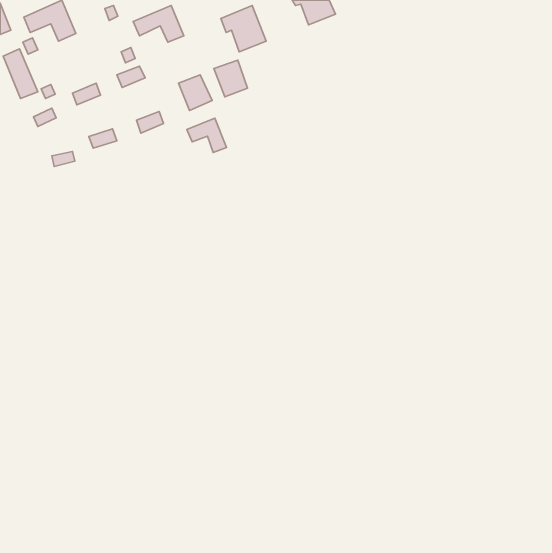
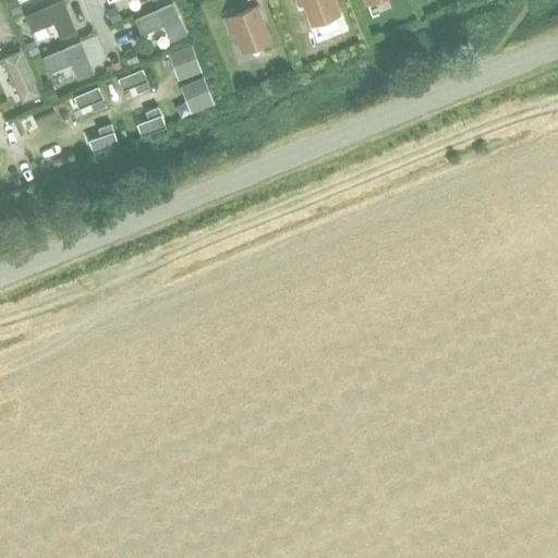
building: none -> [41,43,94,82]
building: [214,60,247,97] -> [168,41,202,78]
building: [187,118,226,152] -> none

